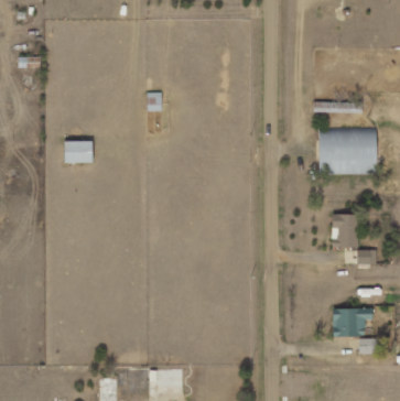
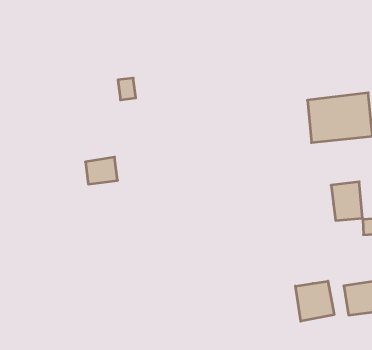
building: [65,140,93,162] -> [85,157,118,184]
building: none -> [295,281,334,321]

